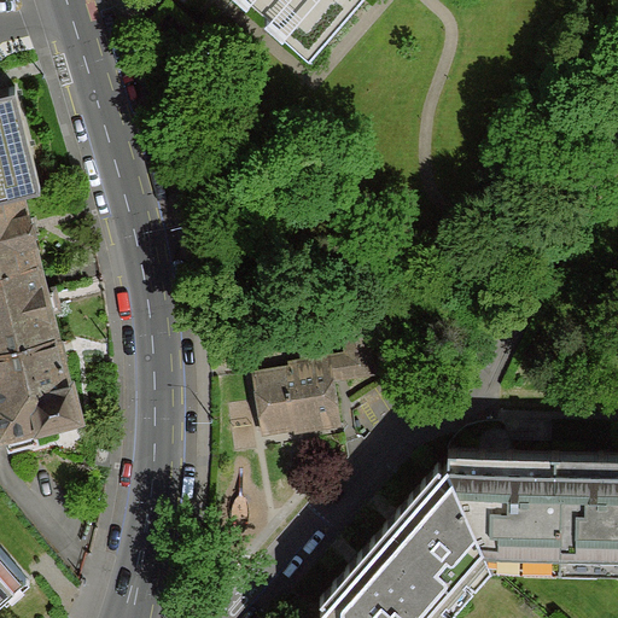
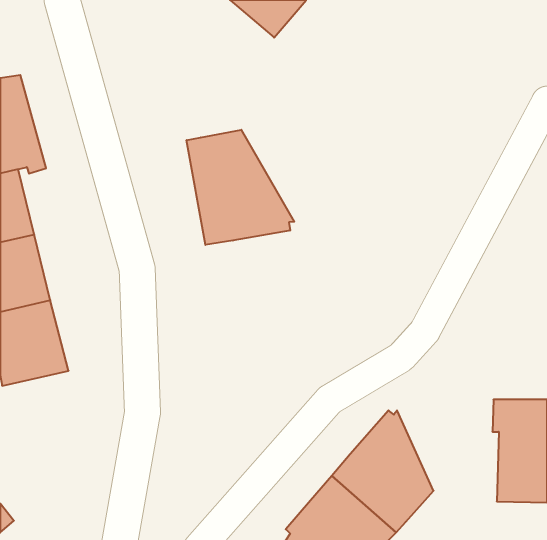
building: none -> [187,130,294,245]
building: [256,325,373,441] -> none
building: [448,456,562,573] -> none

